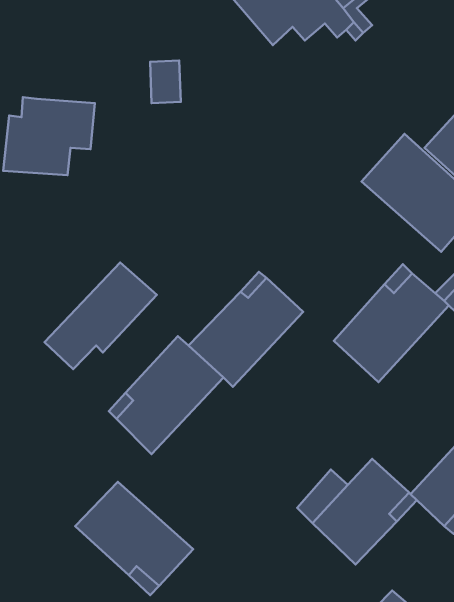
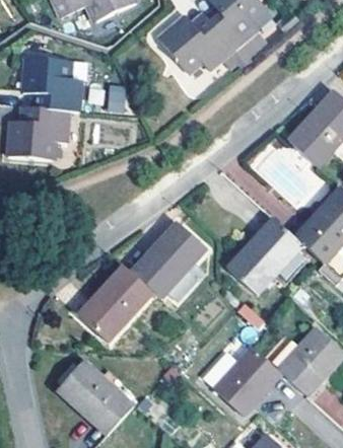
building: none -> [23,57,87,111]
building: [44,263,157,369] -> none

